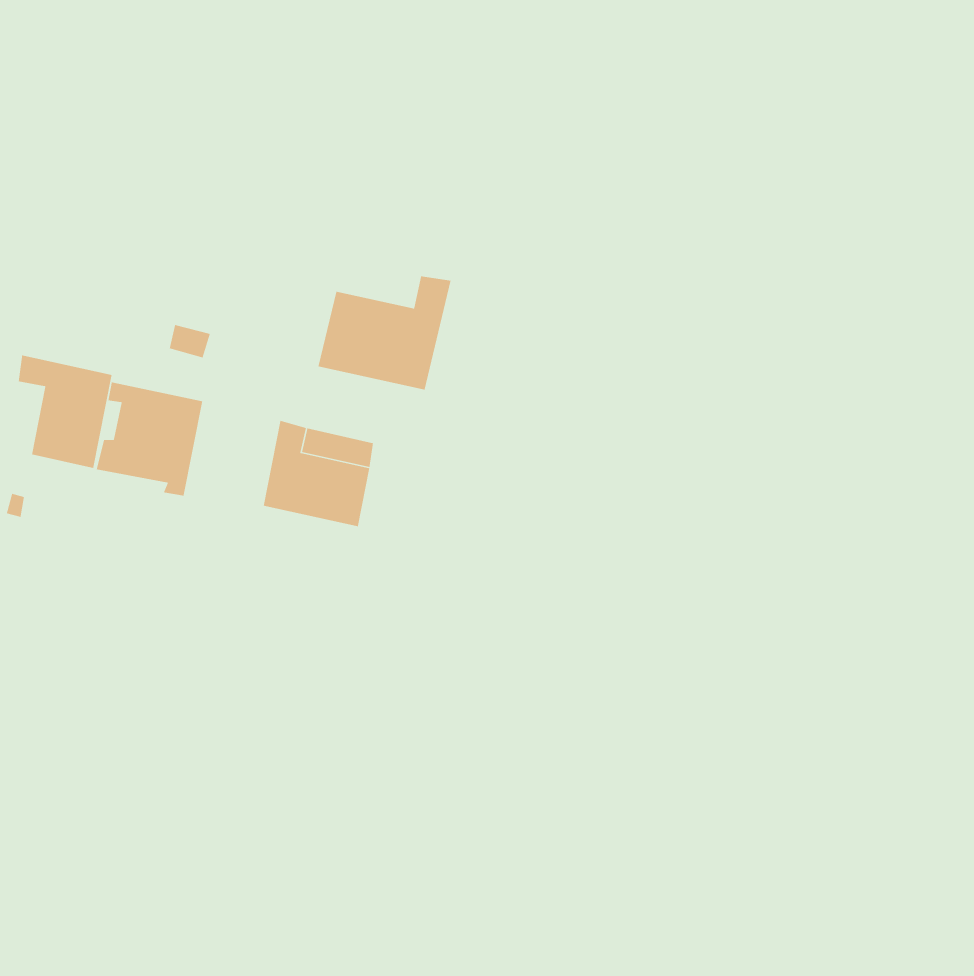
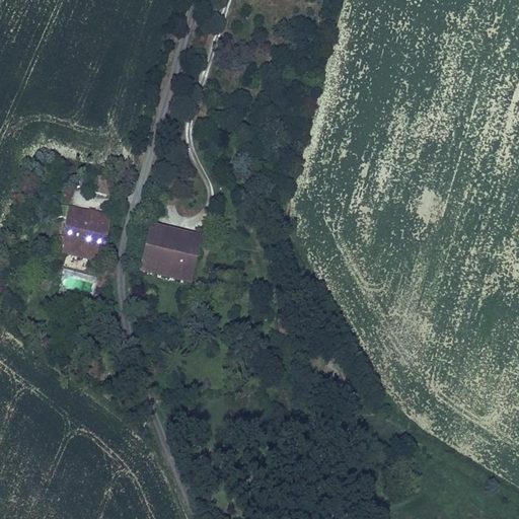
building: [317,276,452,391] -> none
building: [18,355,113,469] -> none

